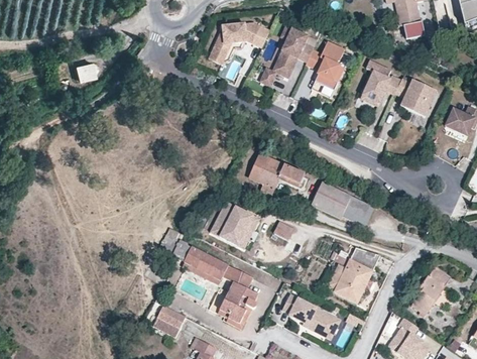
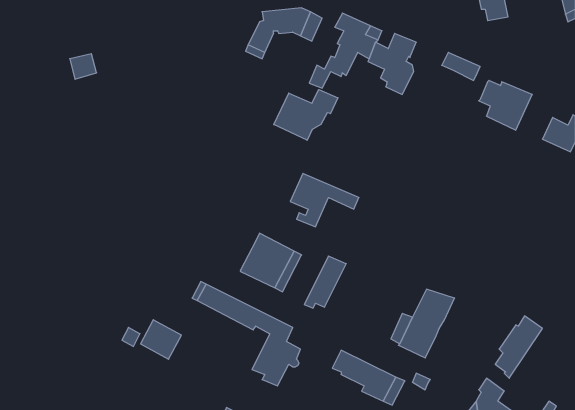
building: [364,74,404,108] -> none
building: none -> [274,90,338,140]
building: [311,183,369,225] -> none
building: [152,305,185,336] -> [141,320,181,359]

